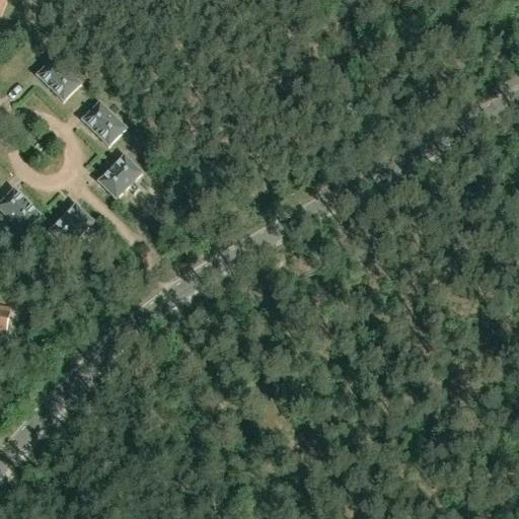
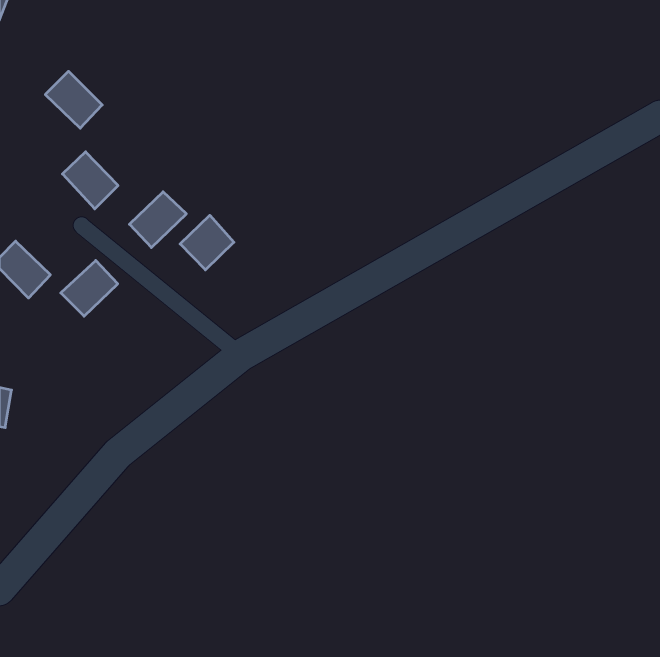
building: [81,101,125,146] -> [62,152,118,209]
building: none -> [180,215,234,270]

